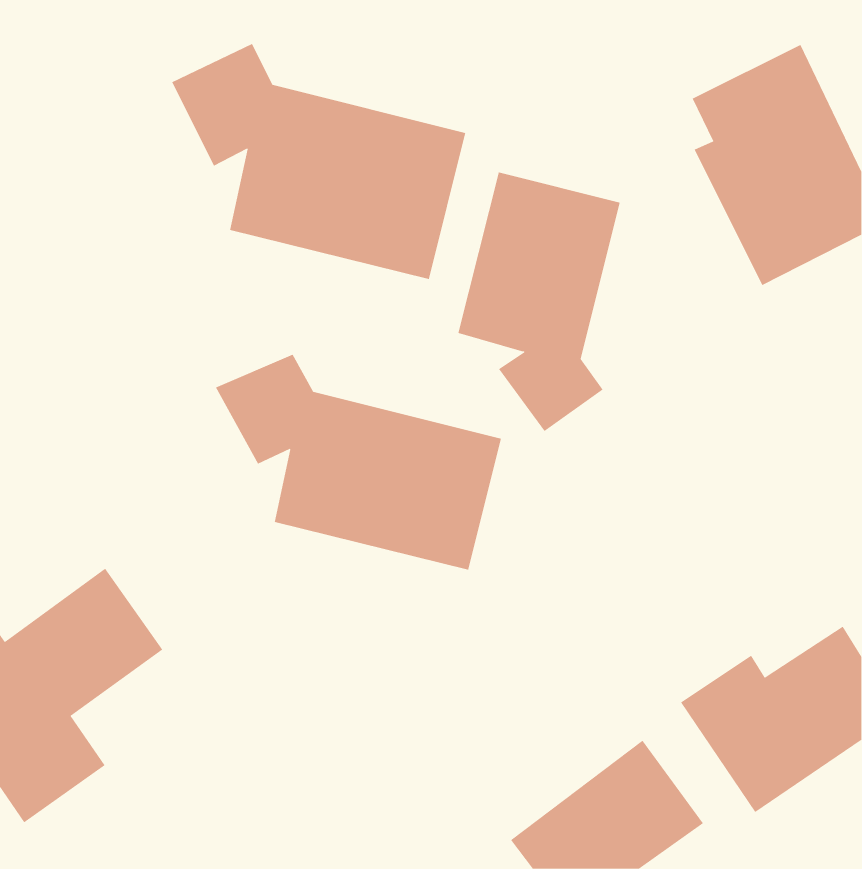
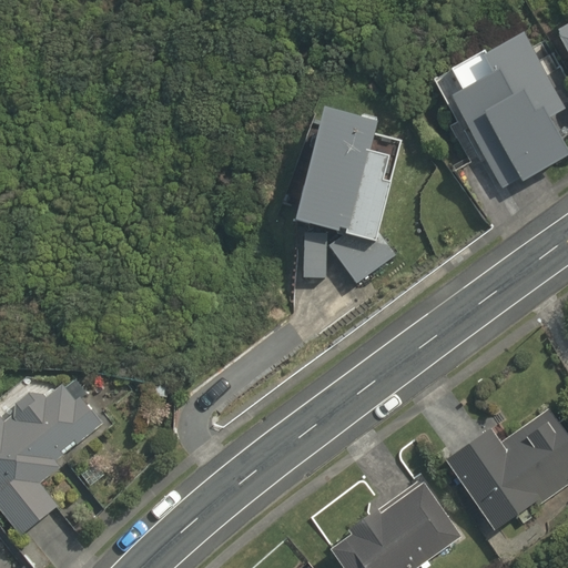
building: [172,43,466,280] -> none
building: [215,354,502,571] -> none

